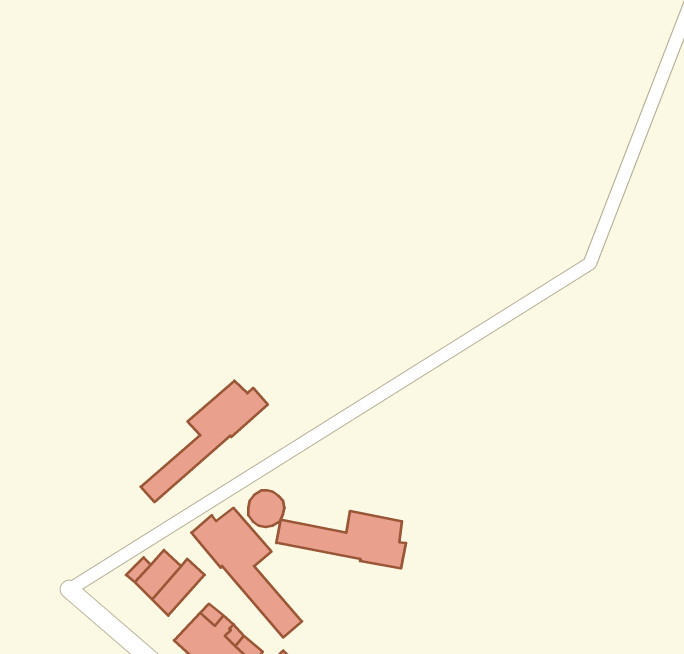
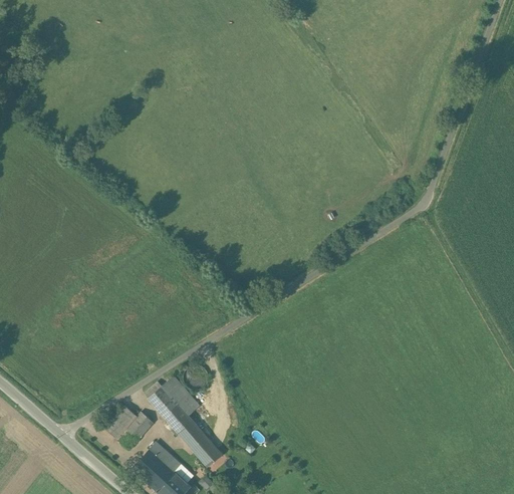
building: [141,381,268,502] -> none
building: [276,511,406,568] -> none

